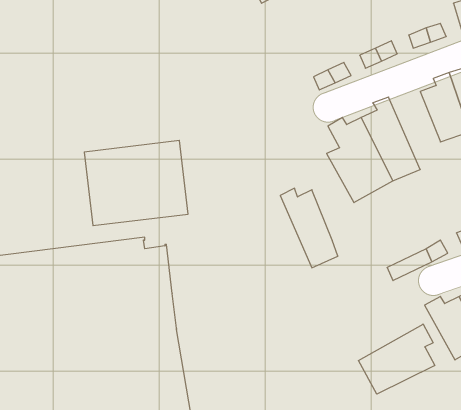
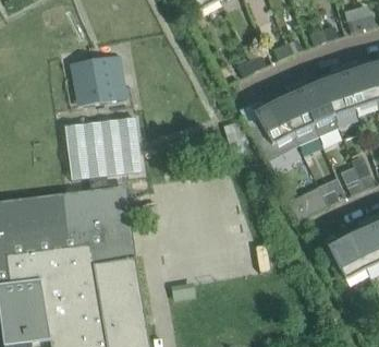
building: none -> [76,56,127,107]
building: [280,188,338,268] -> [295,77,339,137]
building: [358,324,435,394] -> none

